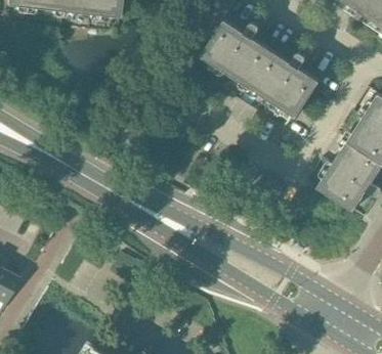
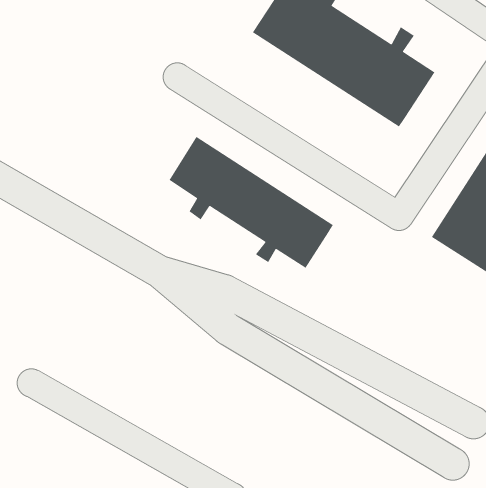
building: none -> [168,136,334,269]

